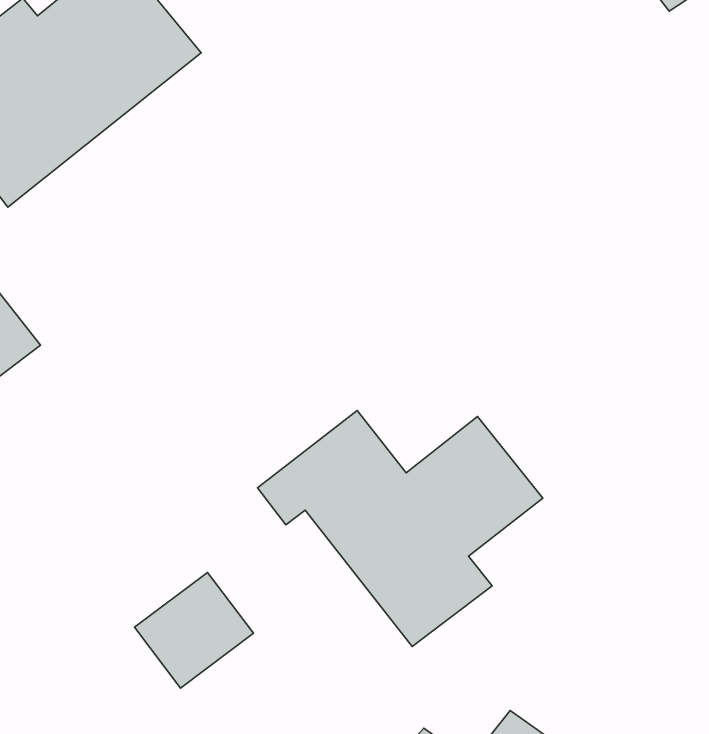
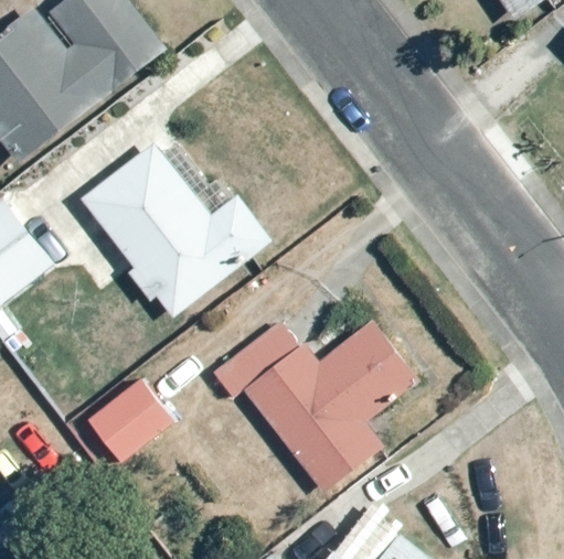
building: none -> [78,141,273,319]
building: [135,572,253,688] -> [79,376,168,462]

